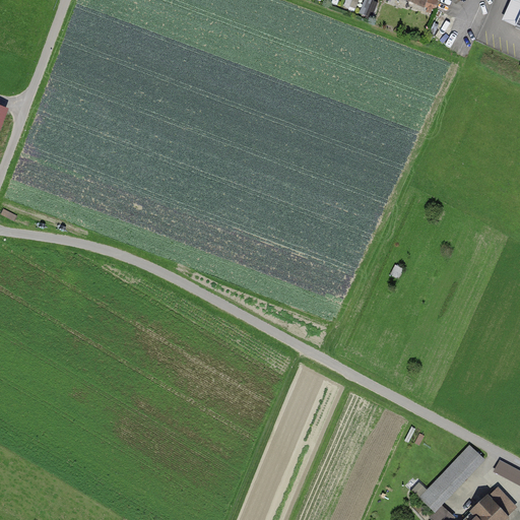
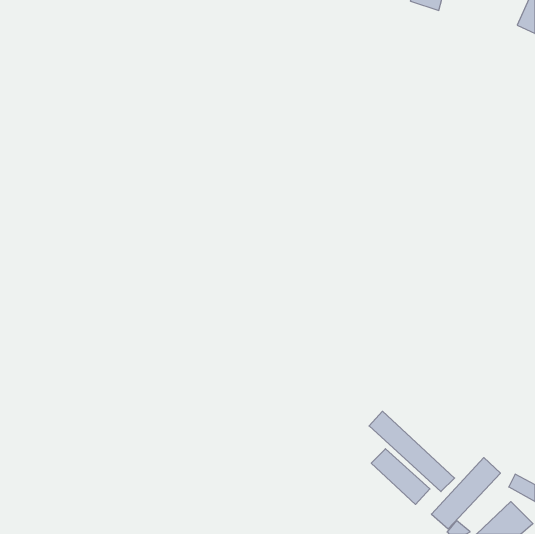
building: none -> [369,411,455,492]
building: none -> [371,449,430,504]

